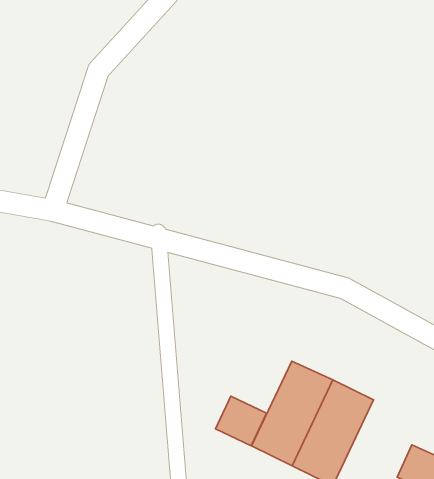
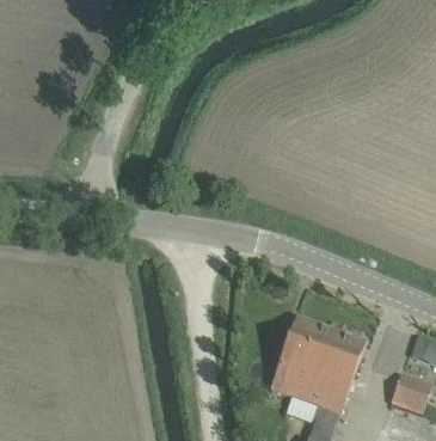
building: [215,396,267,446] -> none

